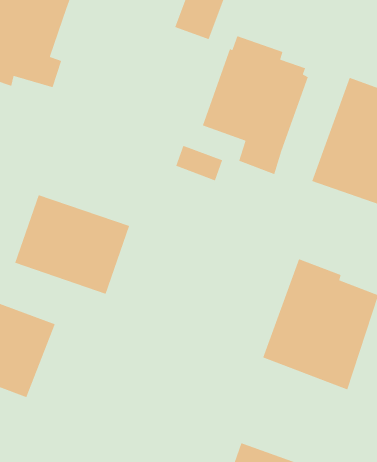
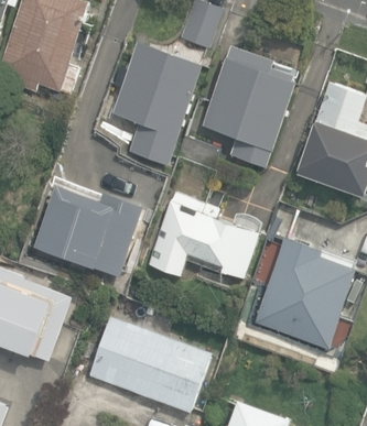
building: none -> [111,42,202,166]
building: none -> [144,201,263,278]
building: none -> [86,317,208,411]

